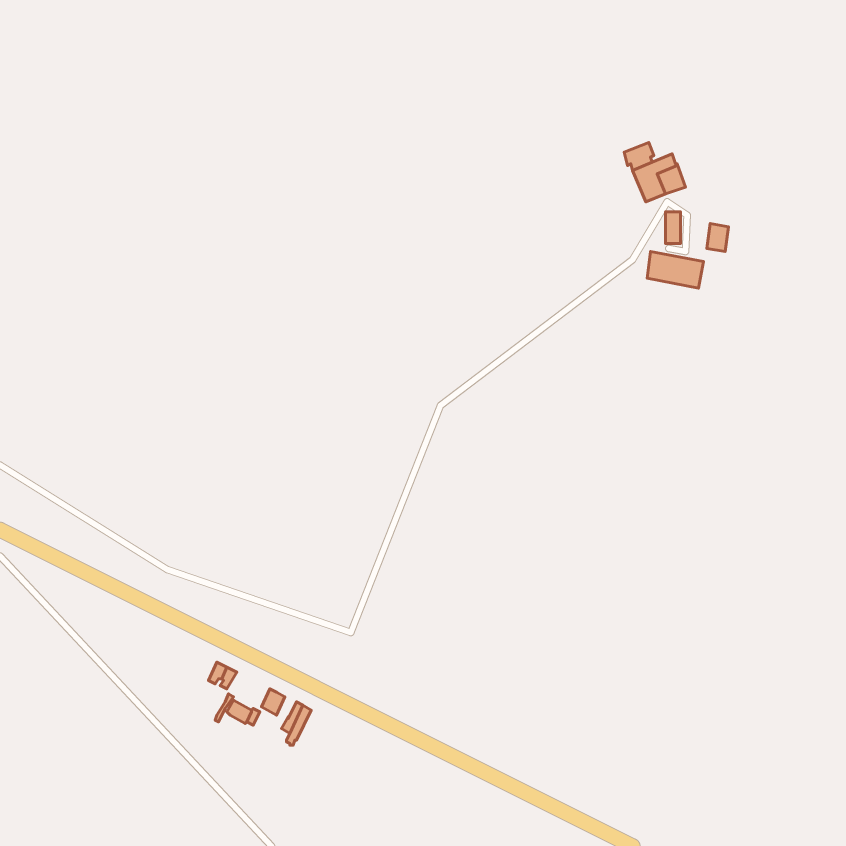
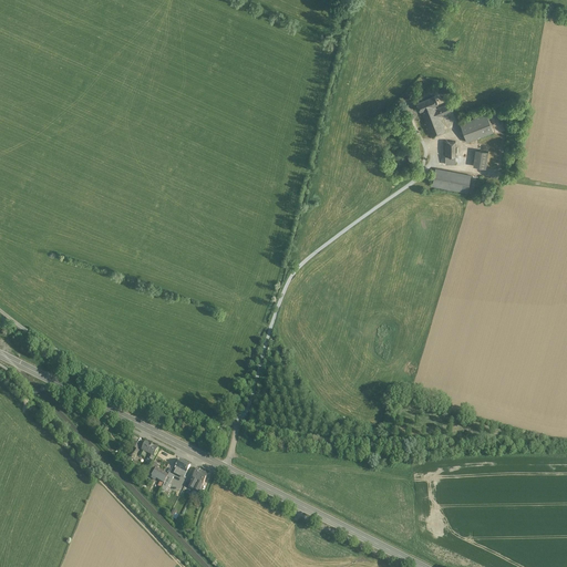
building: none -> [460,113,493,142]

